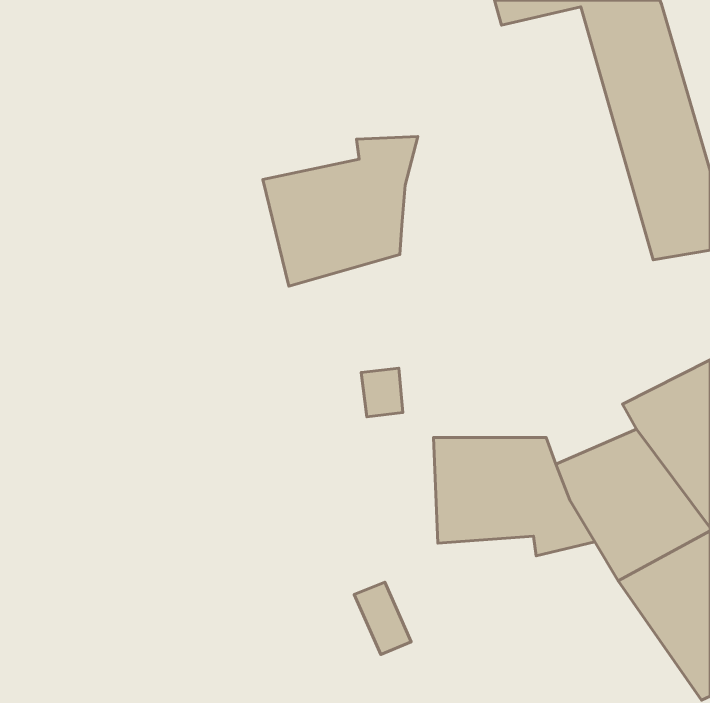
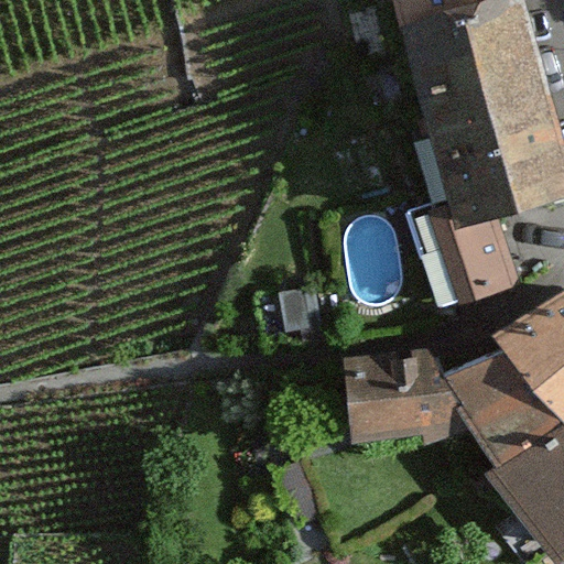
building: none -> [398,11,521,301]
building: [263,137,418,286] -> none

